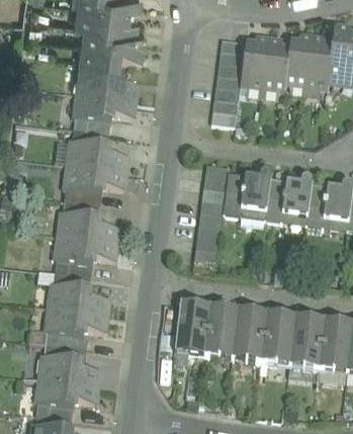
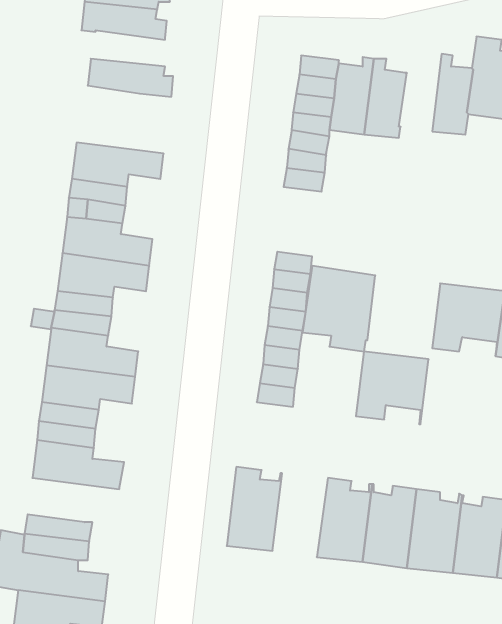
building: [87,21,144,45] -> none
building: [284,35,312,86] -> none
building: [78,57,136,100] -> none
building: [264,178,311,225] -> [356,351,429,424]
building: [203,305,239,358] -> none
building: [47,308,105,336] -> none

